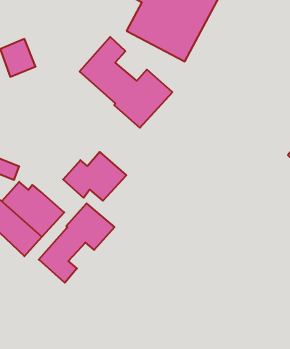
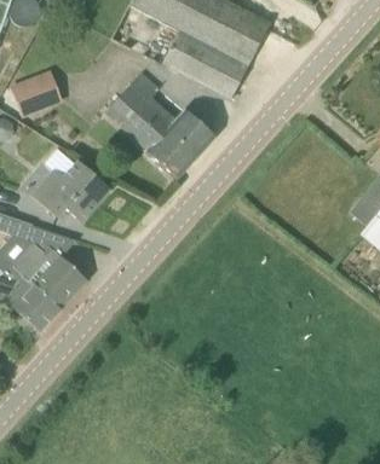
building: [63,152,126,201] -> [33,161,108,219]
building: [39,203,114,283] -> none

